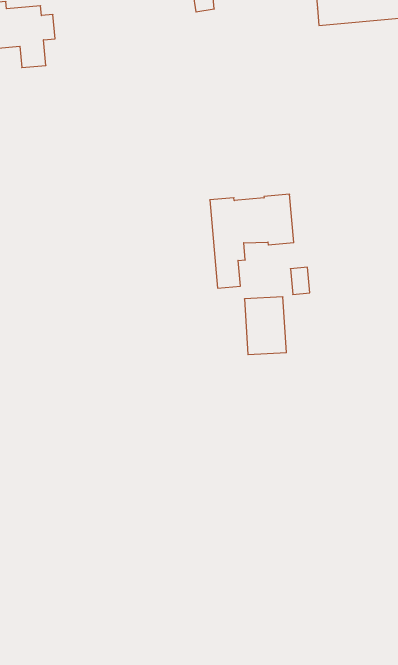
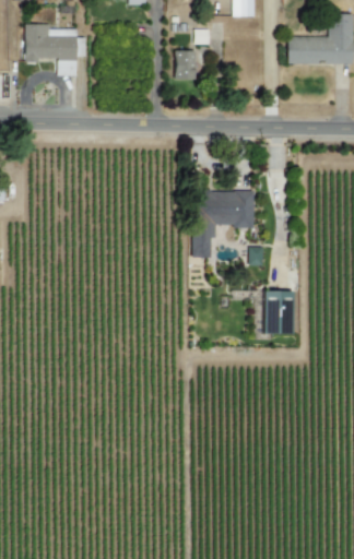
building: none -> [175,50,197,80]
building: [244,297,286,355] -> [263,290,294,334]

